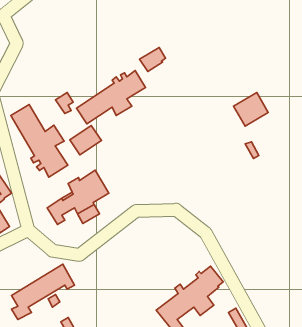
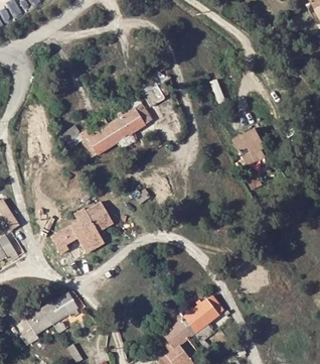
building: [11,105,68,177] -> none
building: [70,125,101,155] -> none

